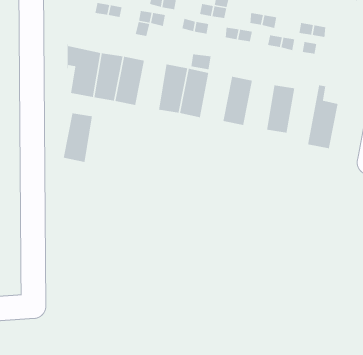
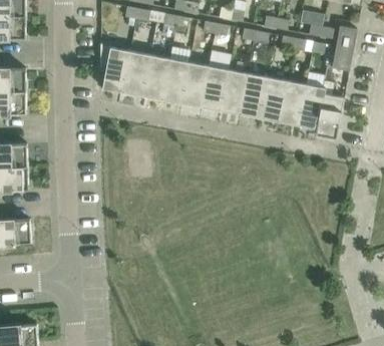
building: none -> [332,26,357,71]
building: none -> [220,70,248,114]
building: none -> [259,77,286,122]
building: none -> [298,81,326,135]
building: [63,113,93,163] -> [161,59,188,104]

